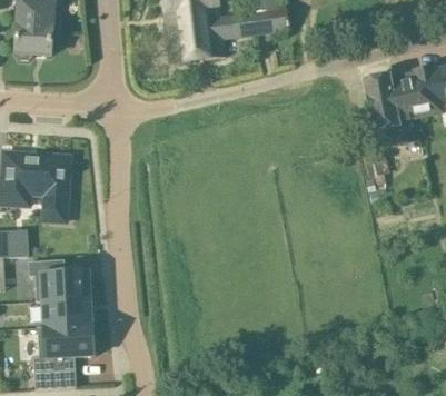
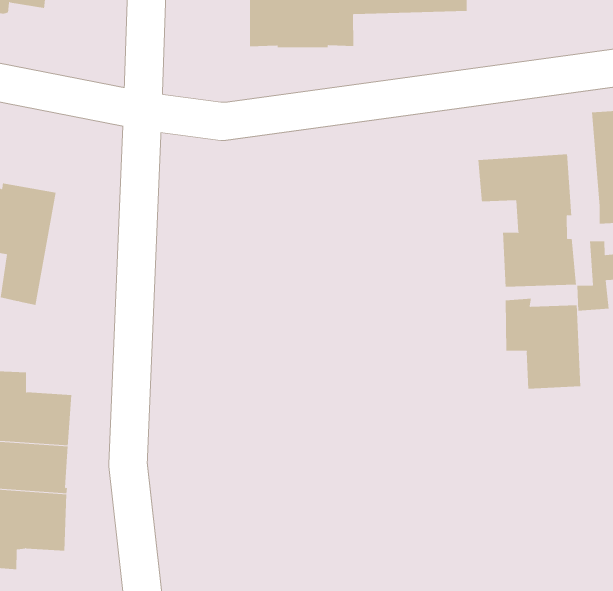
building: none -> [478,154,576,287]
building: none -> [505,298,581,389]

